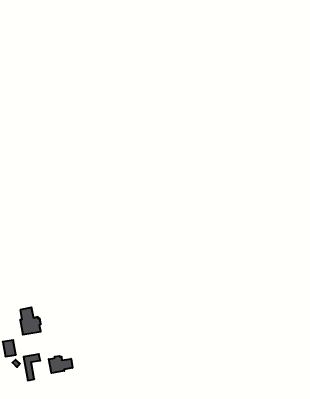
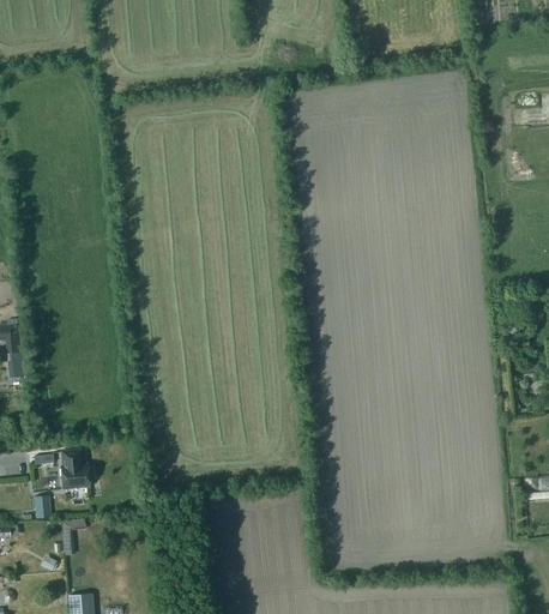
building: [49,356,72,373] -> none

